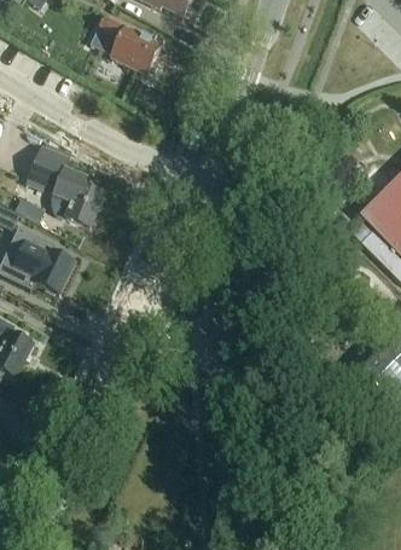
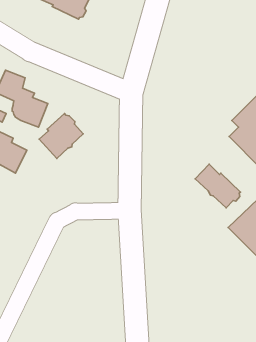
building: none -> [39,114,83,158]
building: none -> [195,164,240,208]

